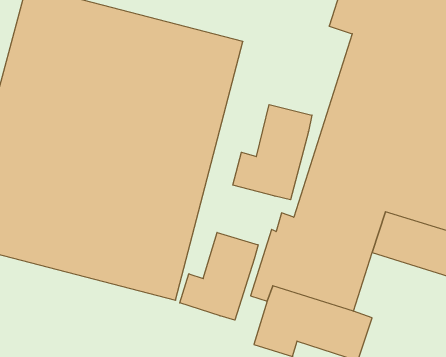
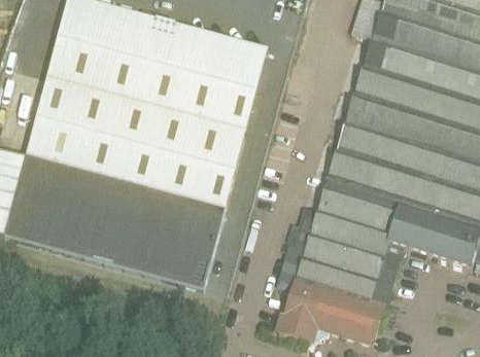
building: [233,105,312,200] -> none
building: [180,232,258,320] -> none

